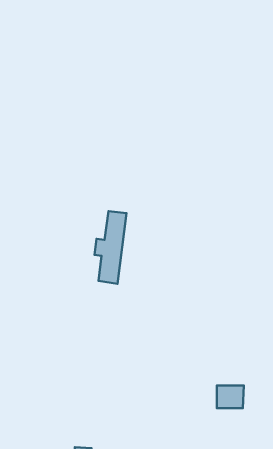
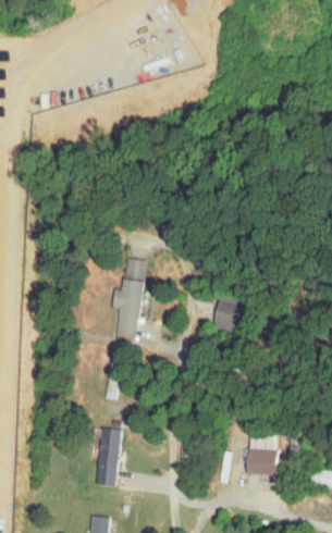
building: none -> [213,300,242,330]
building: none -> [98,429,119,485]

